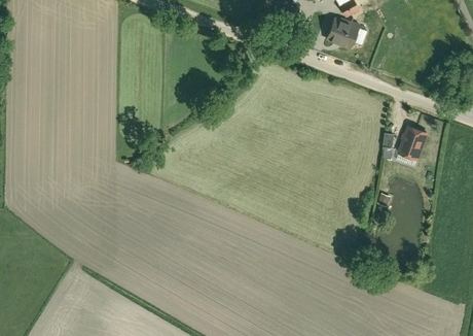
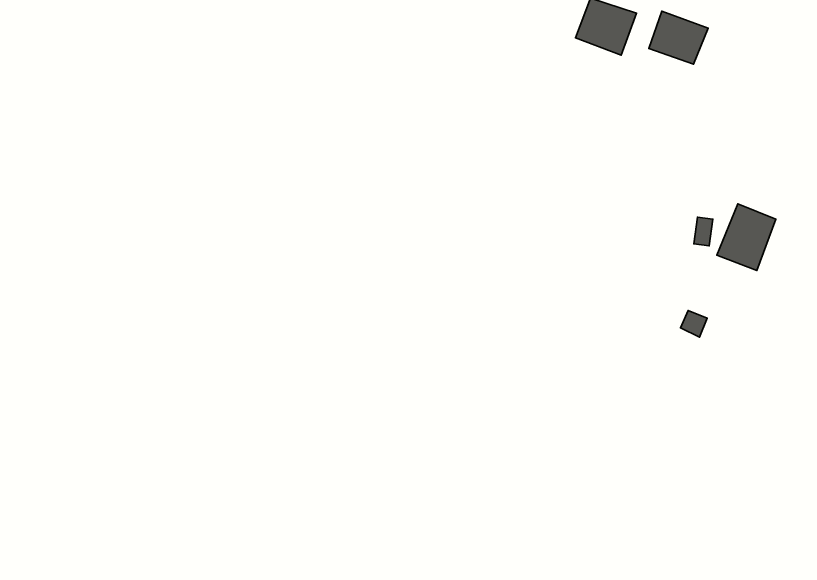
building: none -> [649,11,708,64]

